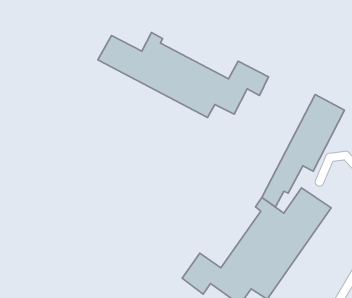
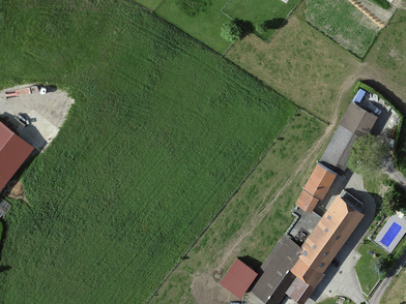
building: [98,32,268,117] -> none

